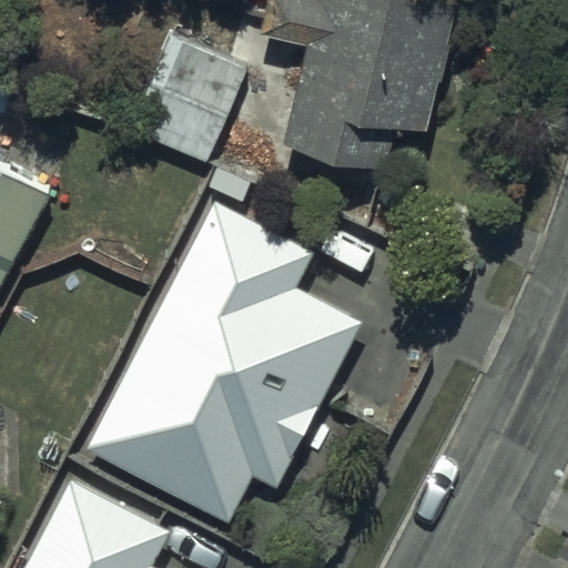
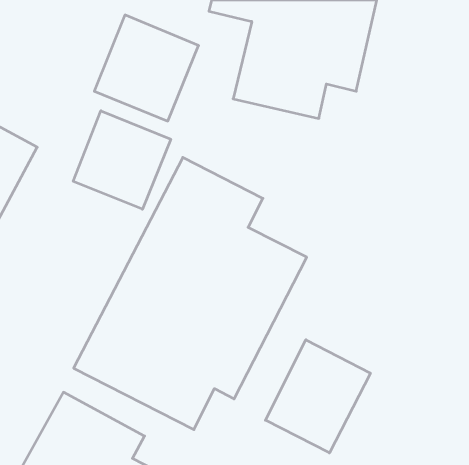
building: none -> [73,111,171,209]
building: none -> [265,340,370,453]

